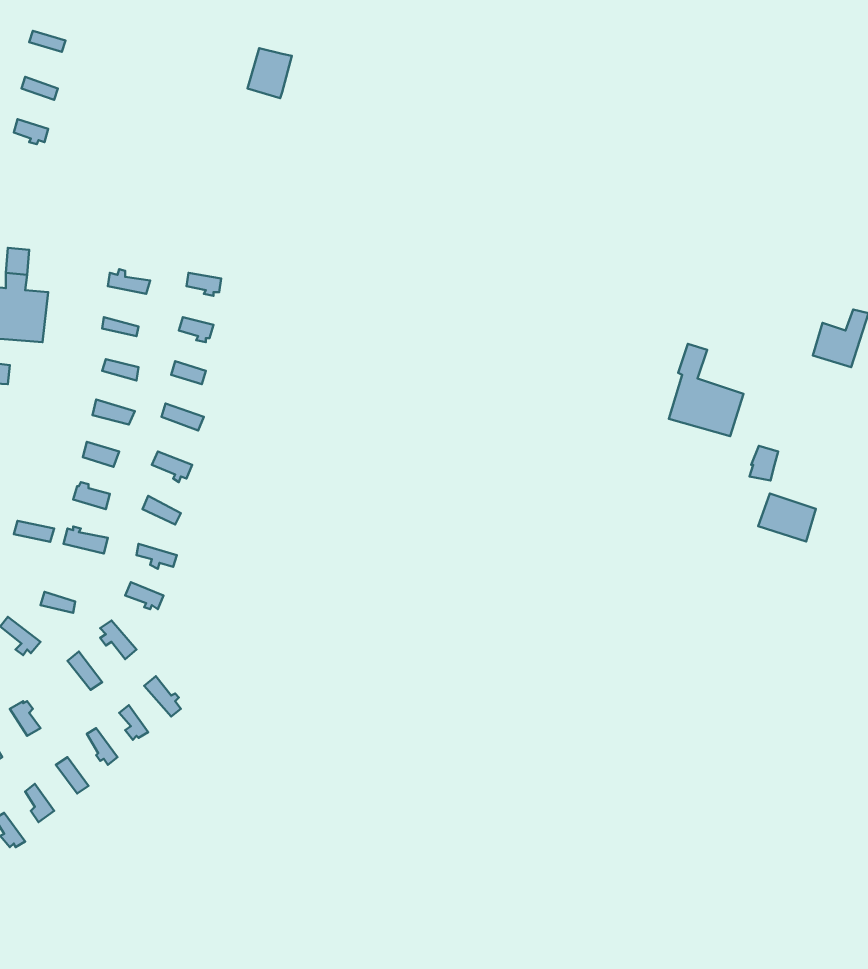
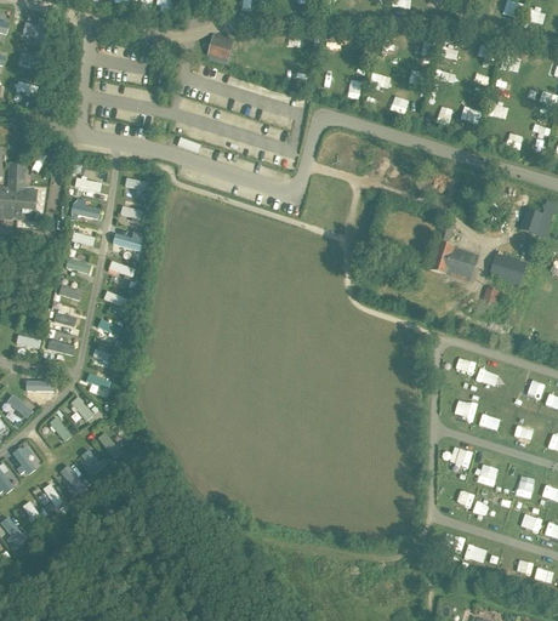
building: [248,48,292,98] -> [206,34,234,65]
building: [758,494,816,542] -> [489,253,525,284]

